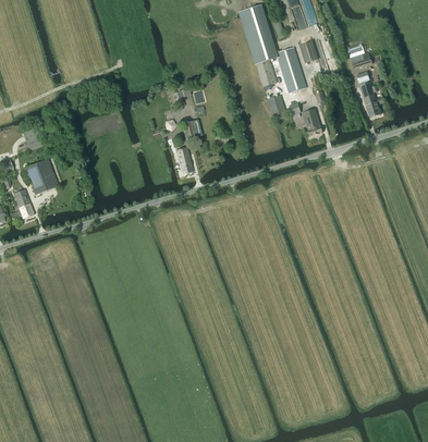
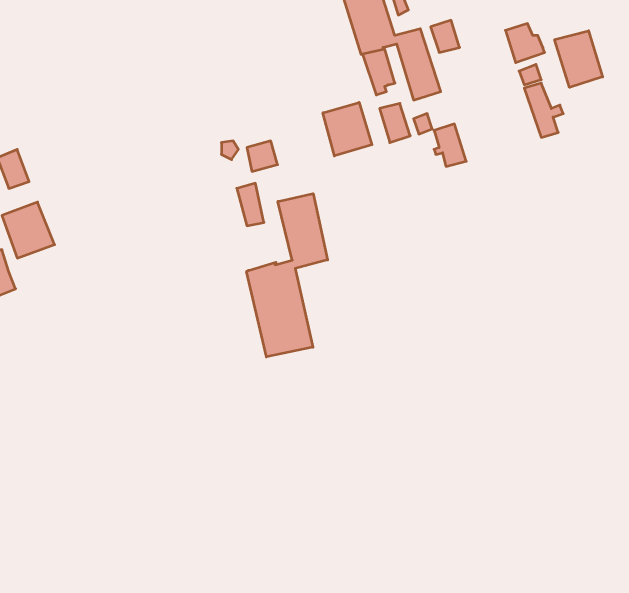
building: none -> [555,31,603,87]
building: none -> [323,102,372,156]
building: none -> [247,194,328,357]

